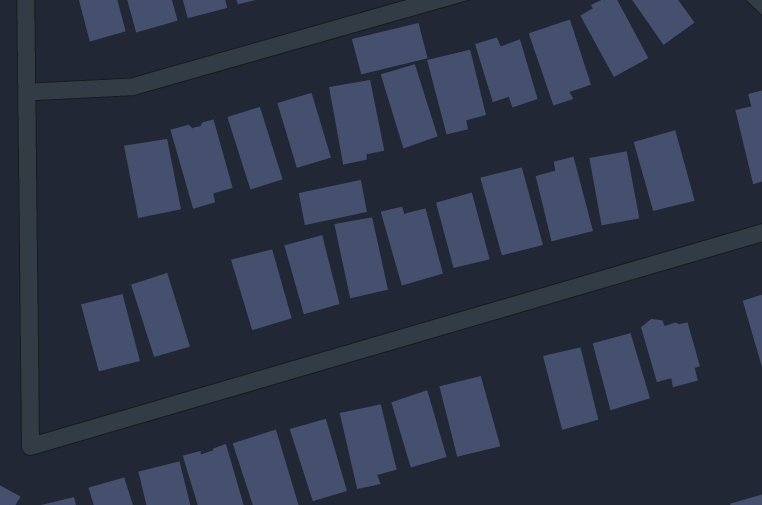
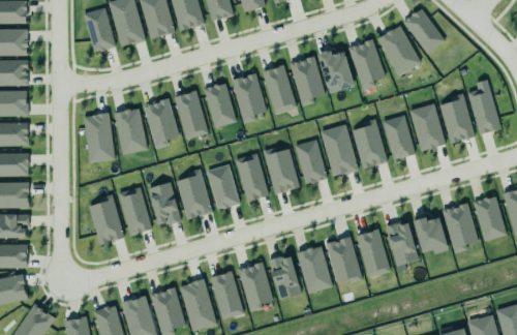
building: [351,22,428,75] -> none
building: none -> [438,90,475,143]
building: none -> [85,113,115,162]
building: [298,179,368,226] -> none
building: none -> [148,182,181,226]
building: none -> [439,197,479,254]
building: none -> [326,238,362,283]

